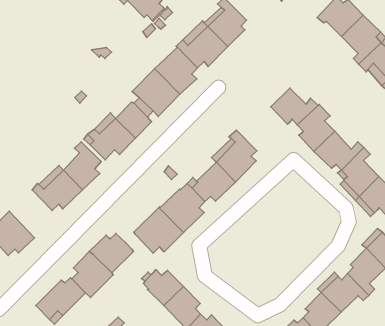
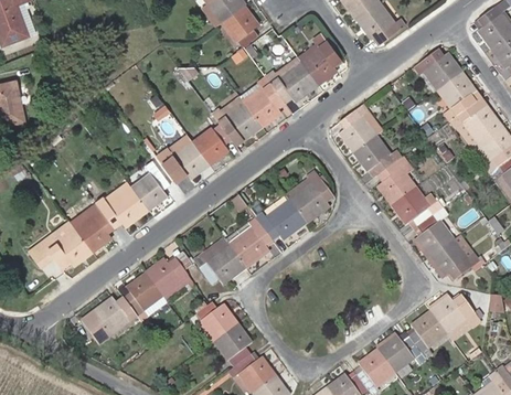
building: none -> [339,106,375,152]
building: none -> [70,201,114,252]

